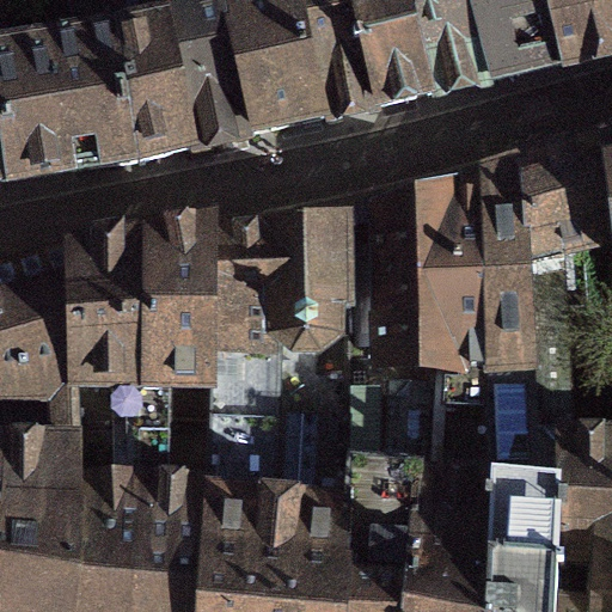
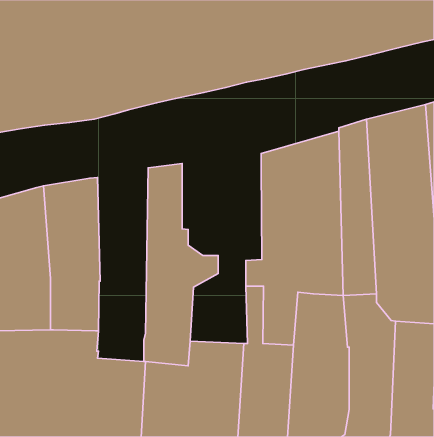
building: [255,219,343,356] -> none
building: [135,234,207,504] -> none

